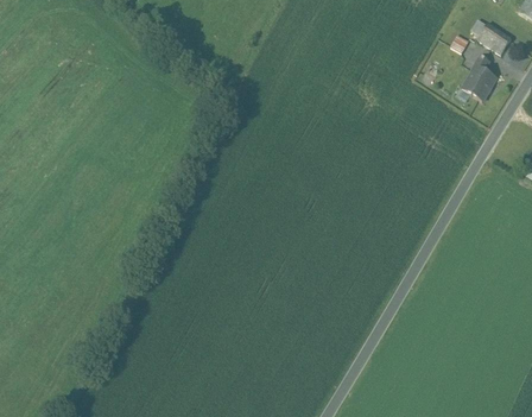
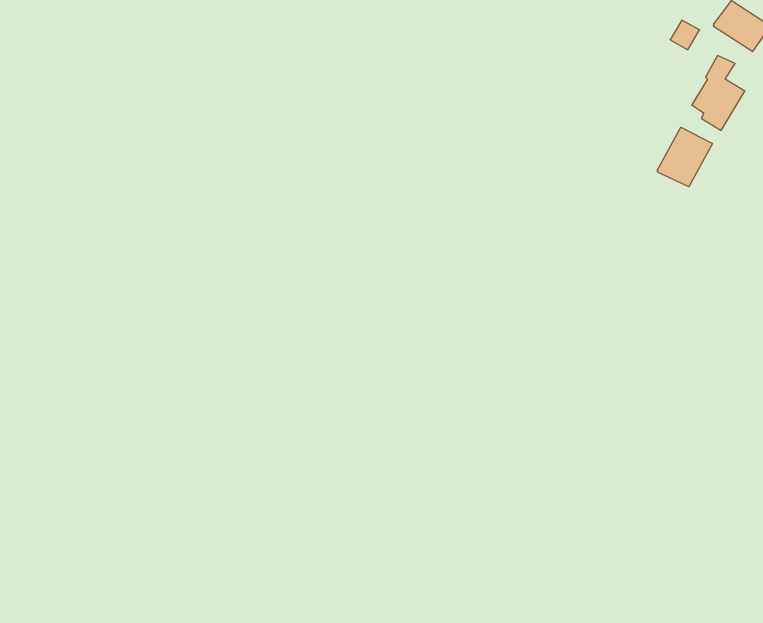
building: none -> [657,127,712,187]

